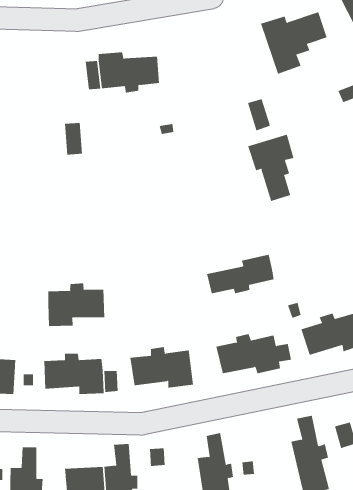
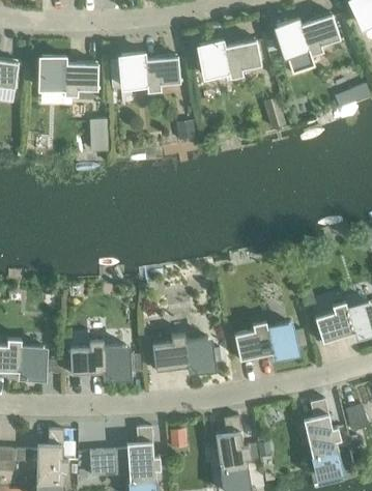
building: none -> [199,40,261,80]
building: none -> [41,58,98,97]
building: [248,134,294,202] -> none
building: [207,254,274,294] -> none
building: [48,282,105,327] -> none

